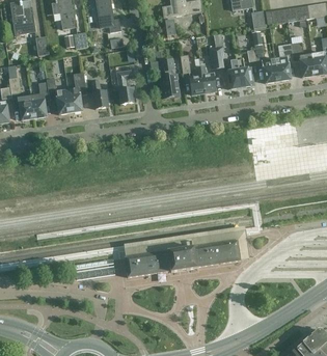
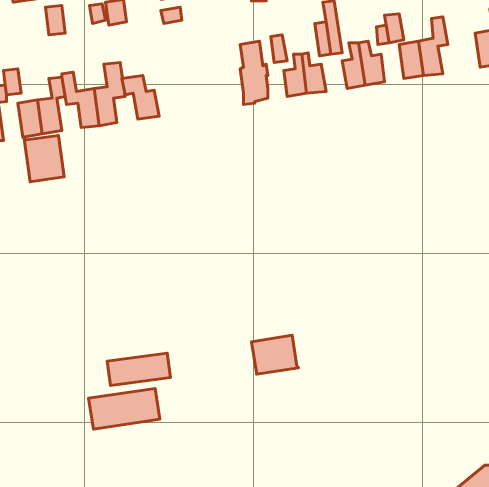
building: [290,42,314,77] -> none
building: [115,70,135,103] -> none
building: none -> [24,135,64,182]
building: [193,240,239,266] -> none
building: [125,250,170,276] -> [89,388,160,429]

